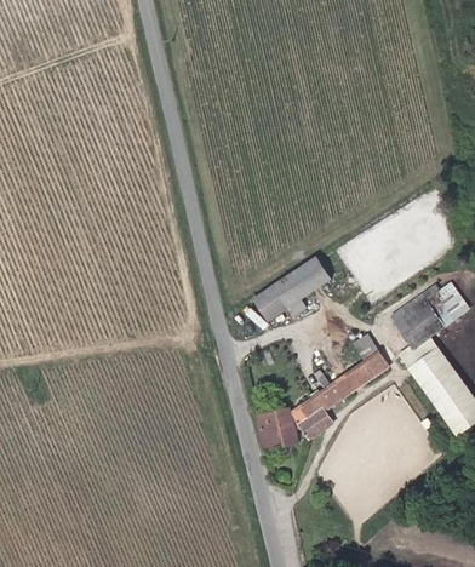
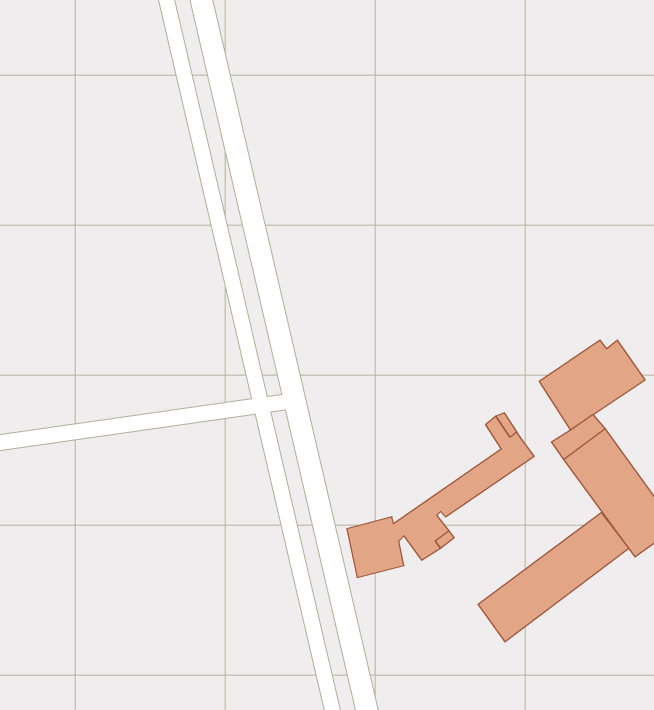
building: [253,258,328,320] -> none
building: none -> [478,513,629,642]

